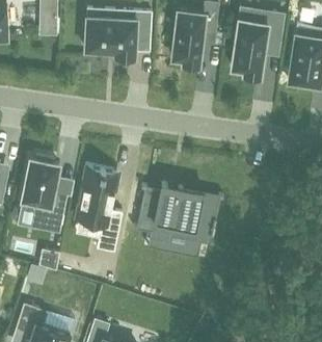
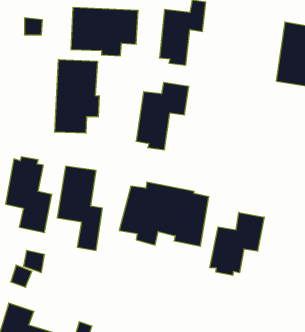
building: [232,11,284,78] -> [136,82,189,150]
building: none -> [55,59,99,133]
building: none -> [210,212,264,275]

